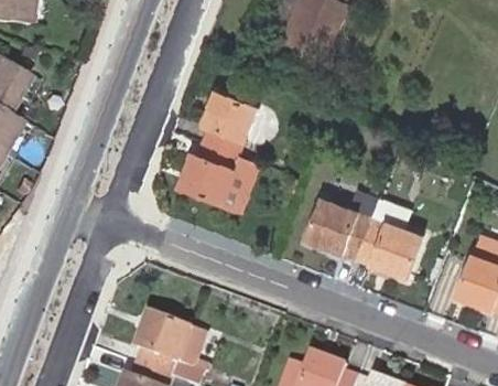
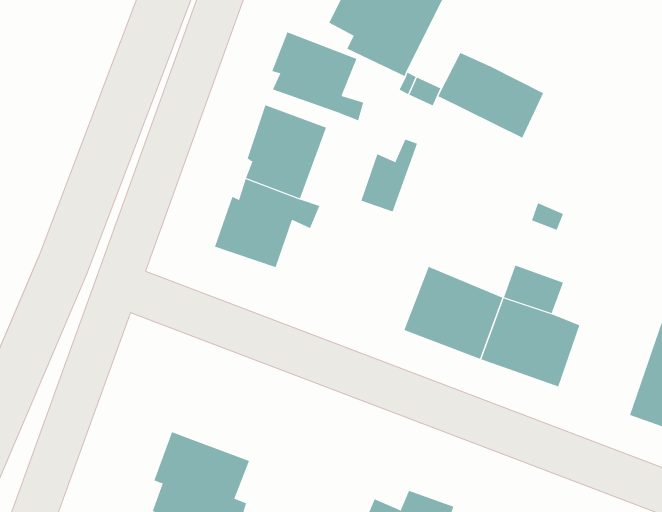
building: none -> [272,32,364,121]
building: none -> [437,52,544,138]
building: [226,160,264,210] -> [361,139,418,212]

